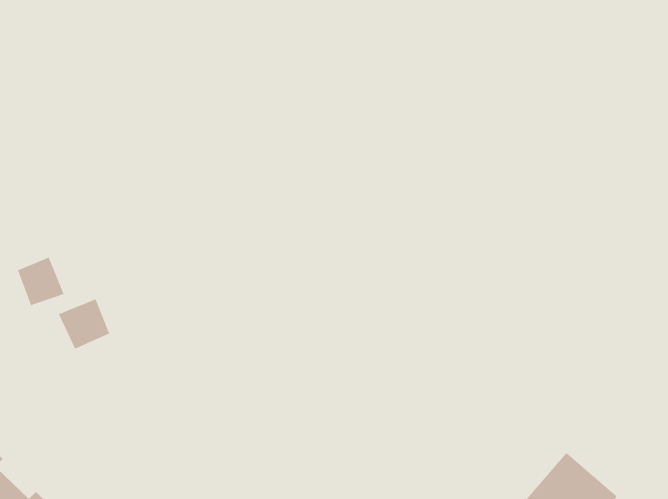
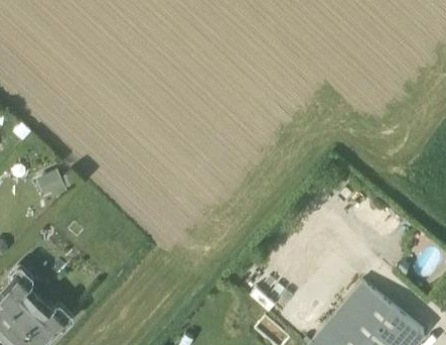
building: [58,299,110,349] -> none

